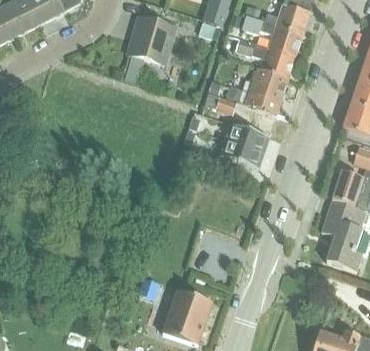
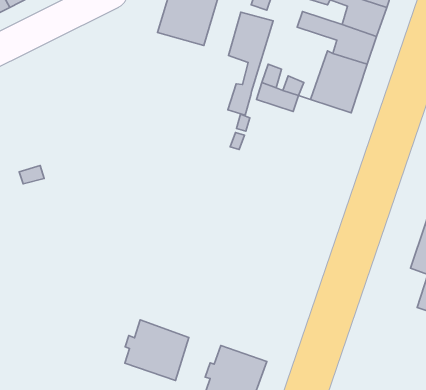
building: none -> [228,12,273,115]
building: [220,123,269,168] -> none
building: none -> [125,320,189,380]

